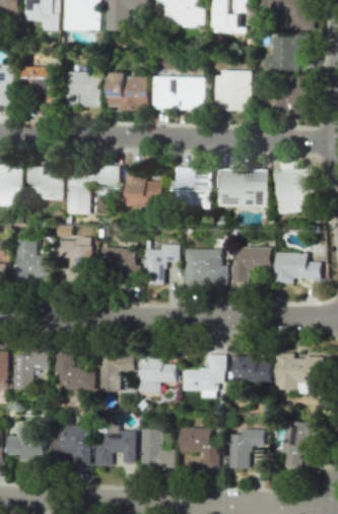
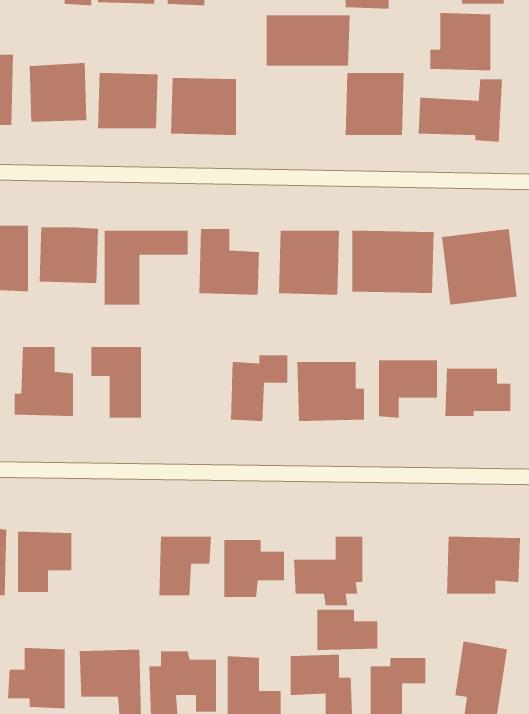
building: [154,76,206,108] -> [266,15,351,66]
building: [104,247,140,282] -> none
building: [57,352,95,389] -> none
building: [233,356,271,381] -> [317,609,378,651]

